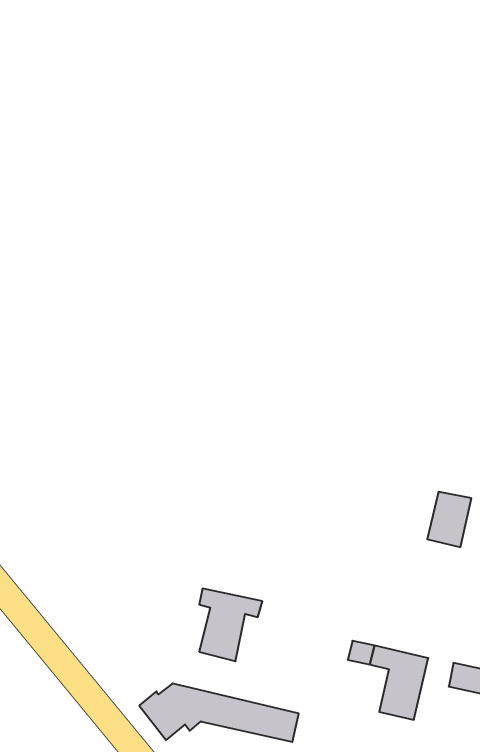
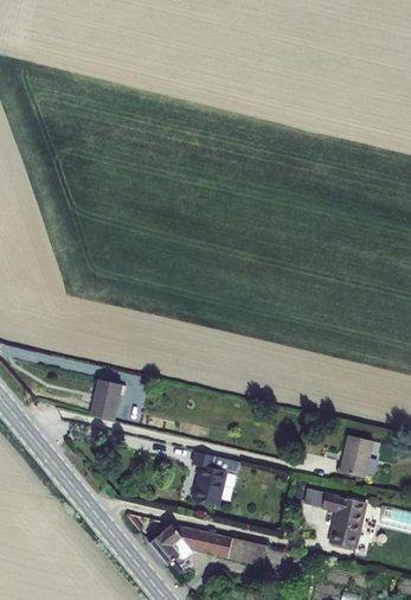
building: none -> [92,377,127,417]
building: [427,492,471,547] -> [342,435,375,477]

